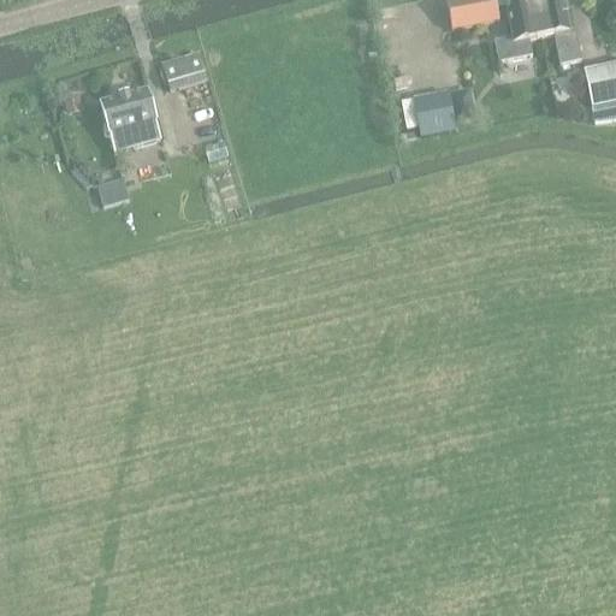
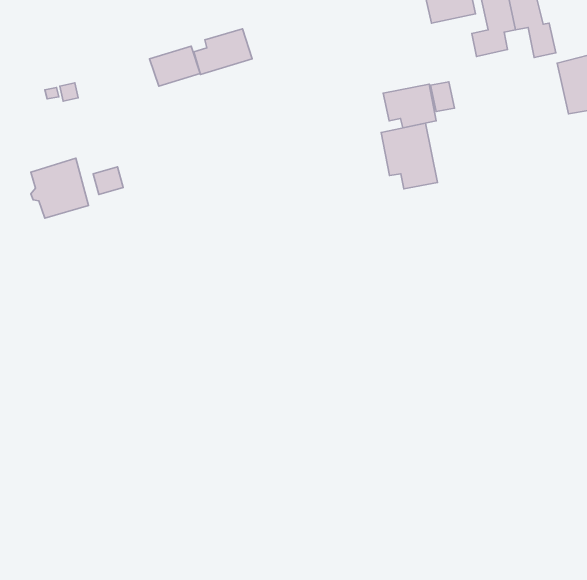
building: none -> [194,29,252,74]
building: [101,85,161,148] -> [31,158,88,218]
building: none -> [381,123,437,189]

